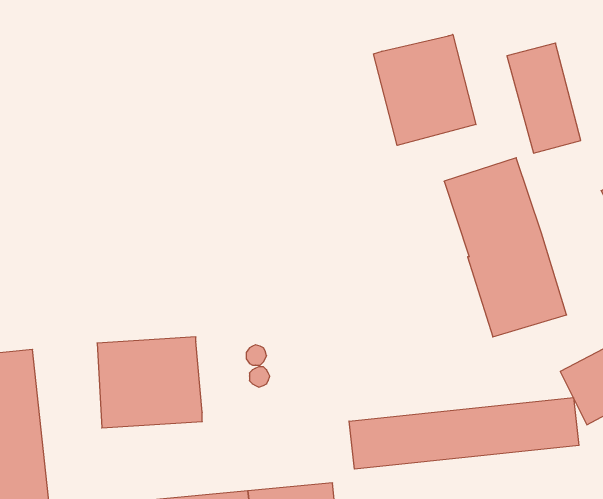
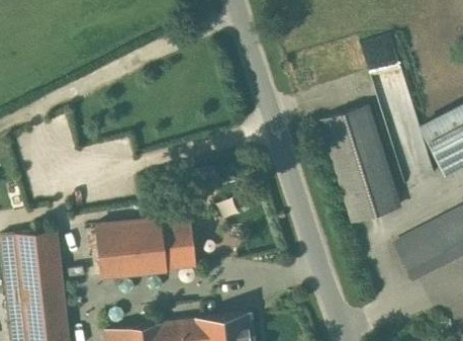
building: [373,34,476,145] -> none
building: none -> [161,223,193,270]
building: [349,398,579,469] -> none

